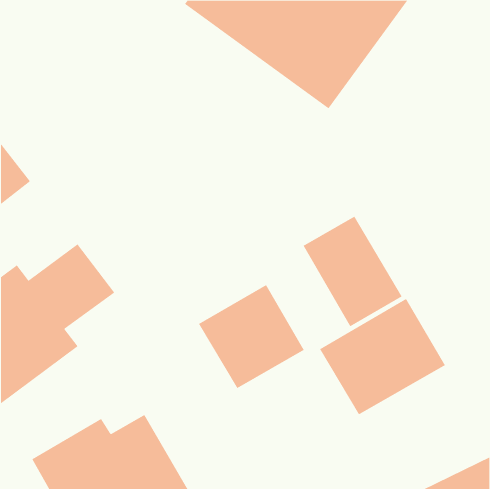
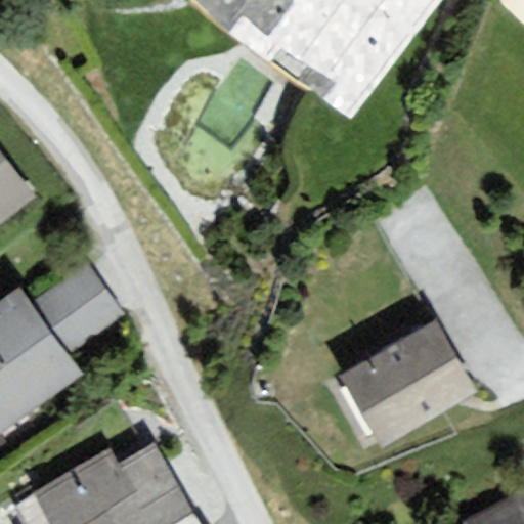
building: [303,216,402,327] -> none
building: [198,284,305,389] -> none

